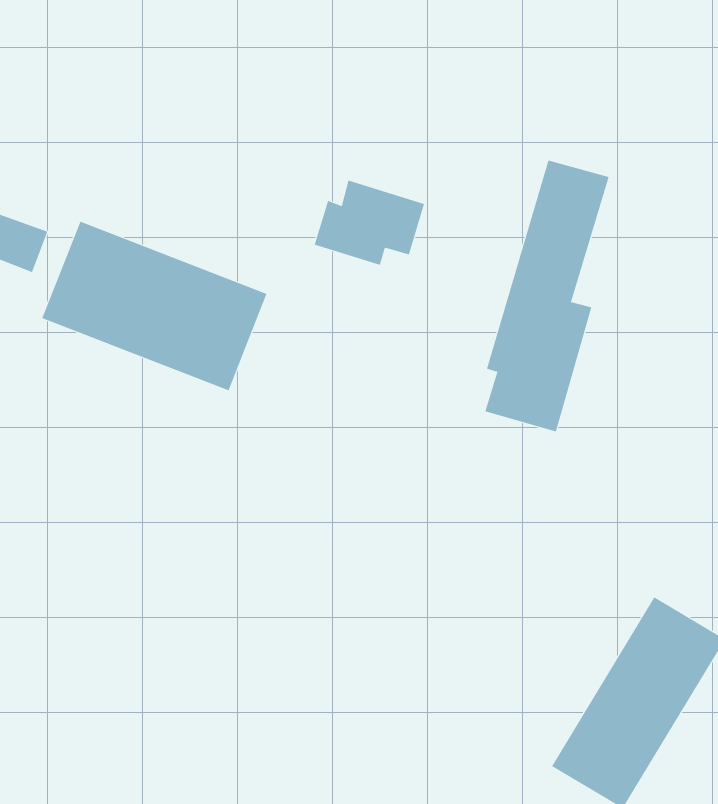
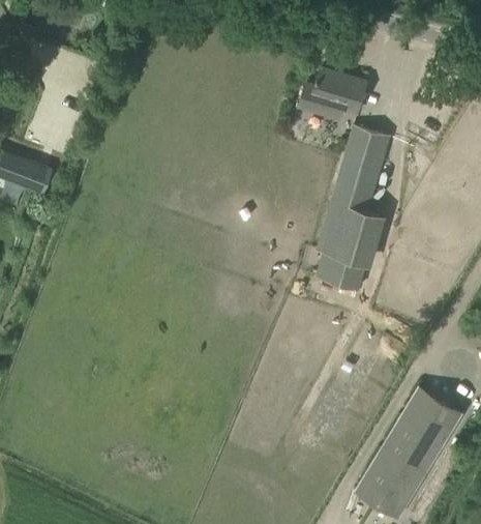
building: [314,180,425,265] -> [300,67,367,119]
building: [41,221,267,391] -> none

